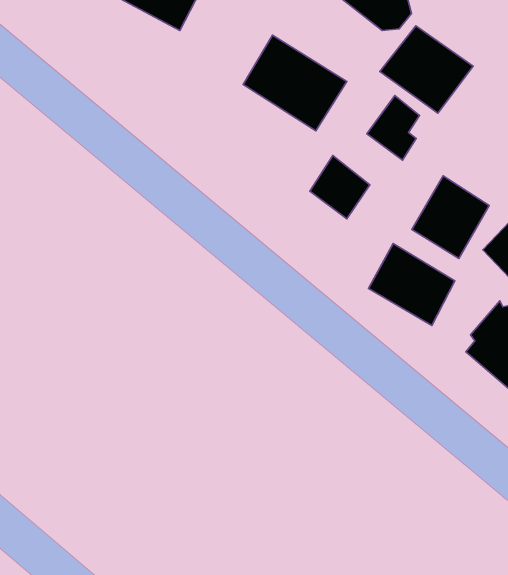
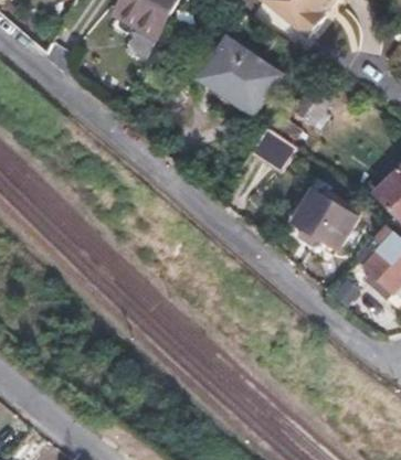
building: [380,26,473,113] -> none
building: [412,176,489,258] -> none

